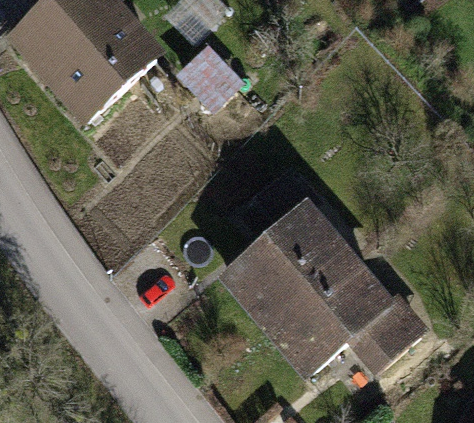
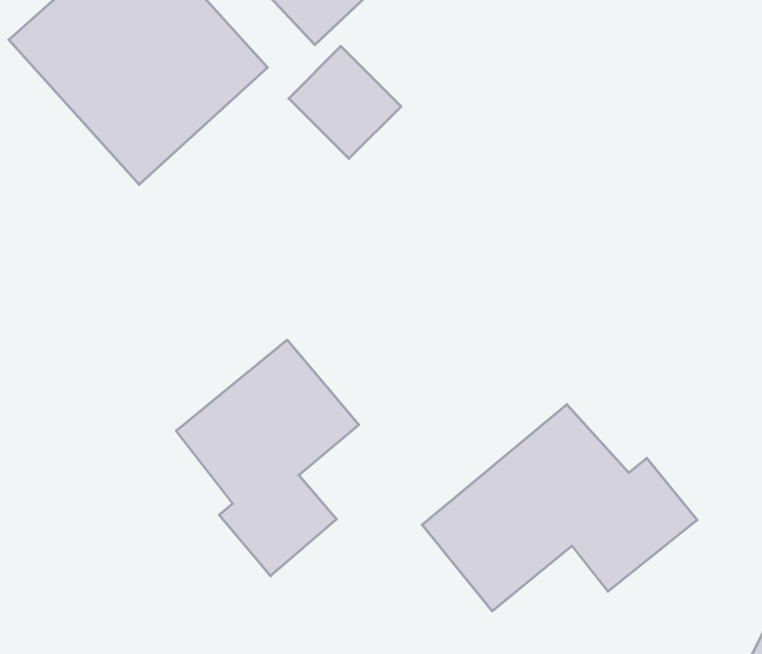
building: [217,161,349,332] -> none
building: none -> [176,340,359,576]

